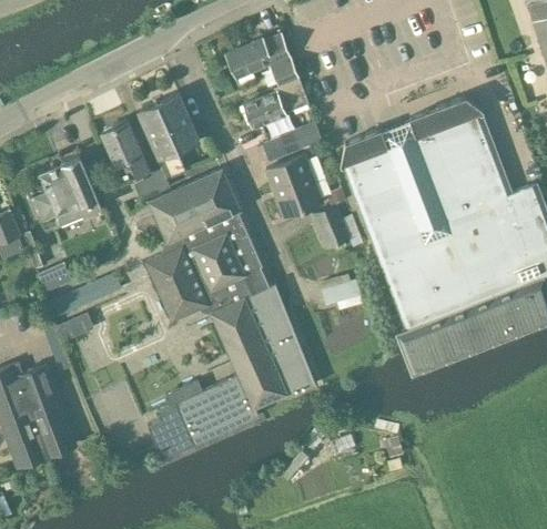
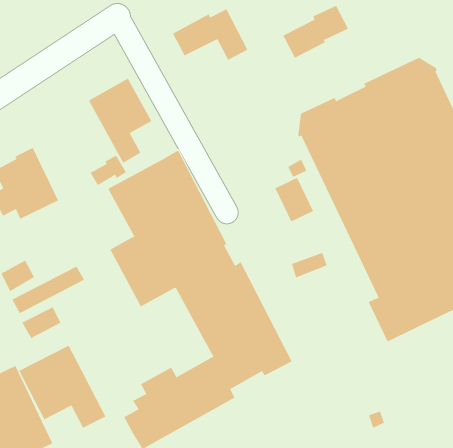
building: [244,80,310,129] -> [282,5,349,58]
building: [101,121,150,175] -> none
building: [280,123,323,155] -> none
building: [265,155,323,218] -> none
building: none -> [18,345,106,428]

